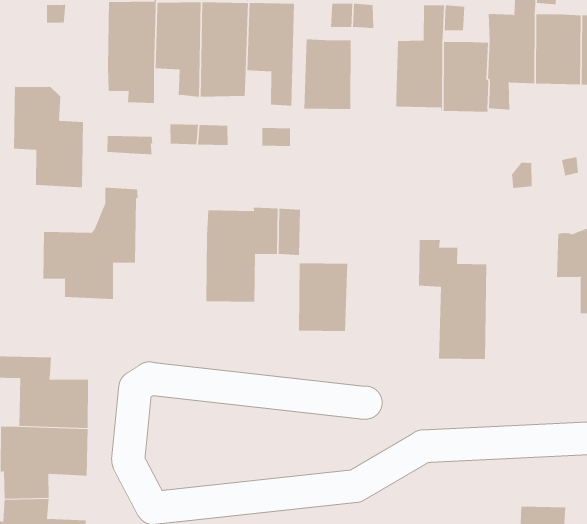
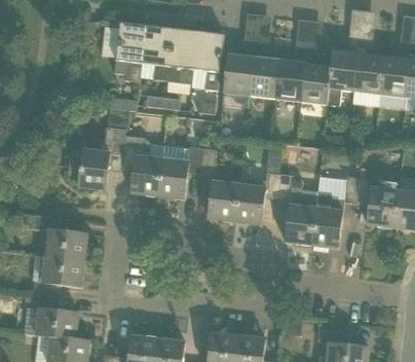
building: none -> [249,58,278,100]
building: [13,85,84,188] -> [119,135,160,196]
building: none -> [310,176,357,248]
building: none -> [233,172,279,224]

